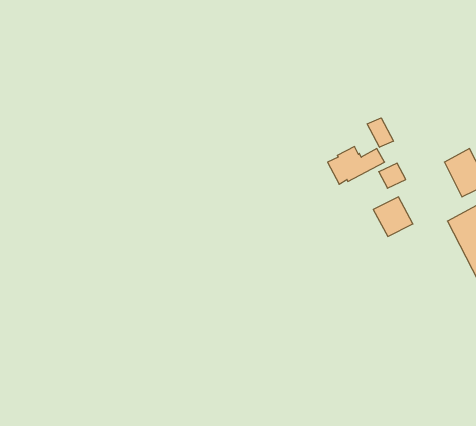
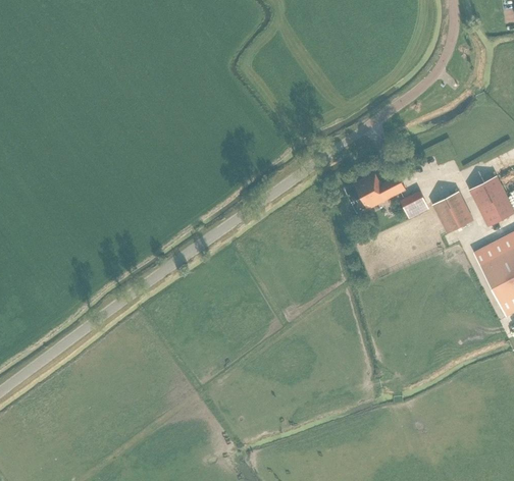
building: [367,118,393,147] -> none
building: [373,197,413,236] -> [433,192,475,233]

